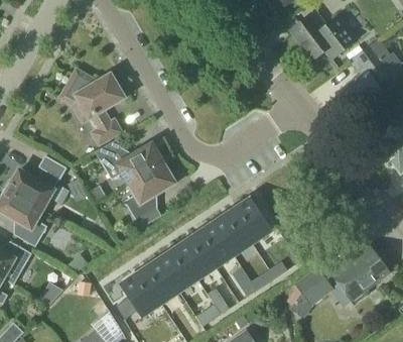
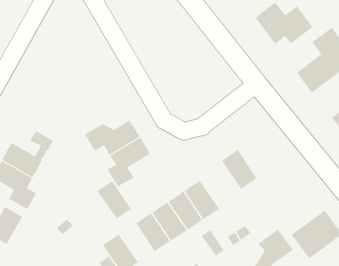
building: [57,67,125,145] -> none
building: [229,198,269,243] -> [221,149,257,190]
building: [138,259,177,303] -> [97,180,132,219]

